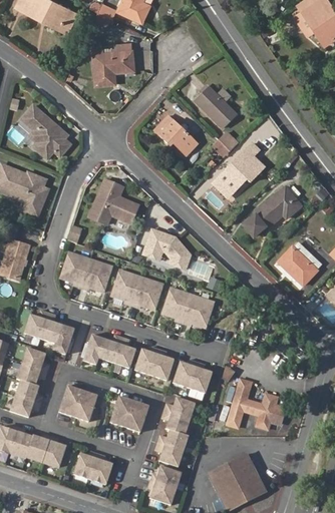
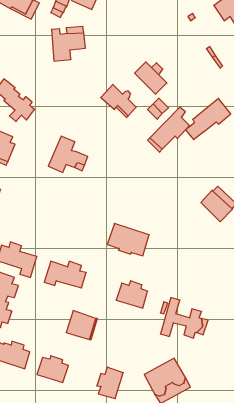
building: [245,186,301,237] -> [186,98,231,140]
building: [142,228,191,269] -> none
building: [60,252,111,293] -> none
building: [111,270,162,310] -> none
building: [134,347,174,381] -> none
building: [58,386,97,422] -> none
building: [154,398,196,467] -> none

